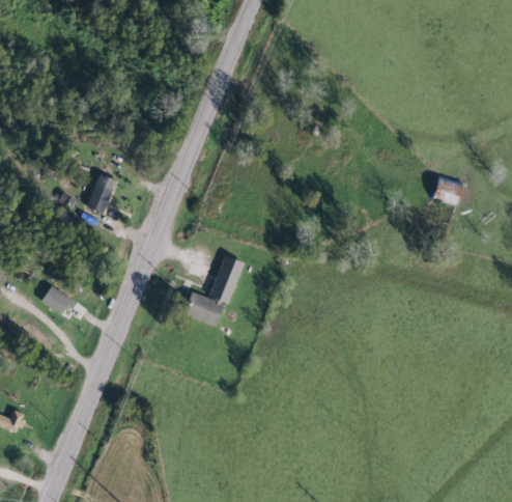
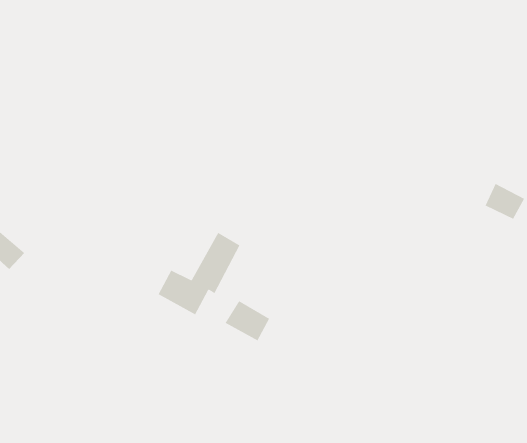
building: [87,173,117,213] -> none
building: none -> [225,300,270,341]

